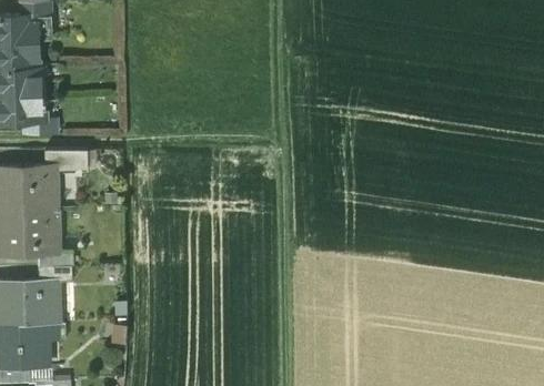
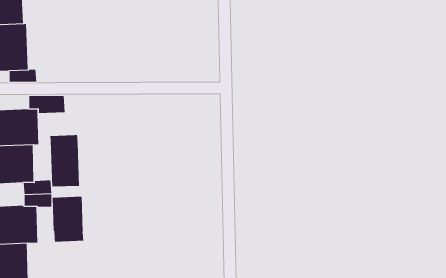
building: none -> [50,134,80,187]
building: none -> [52,196,84,243]

